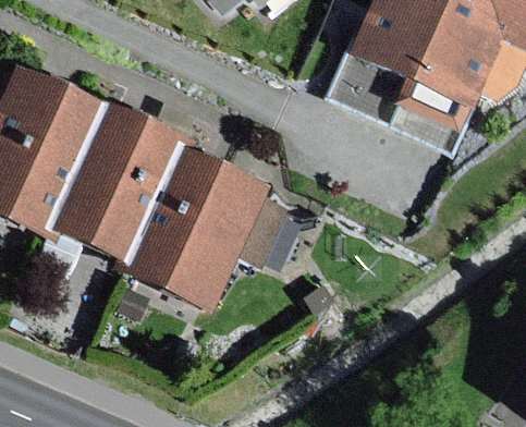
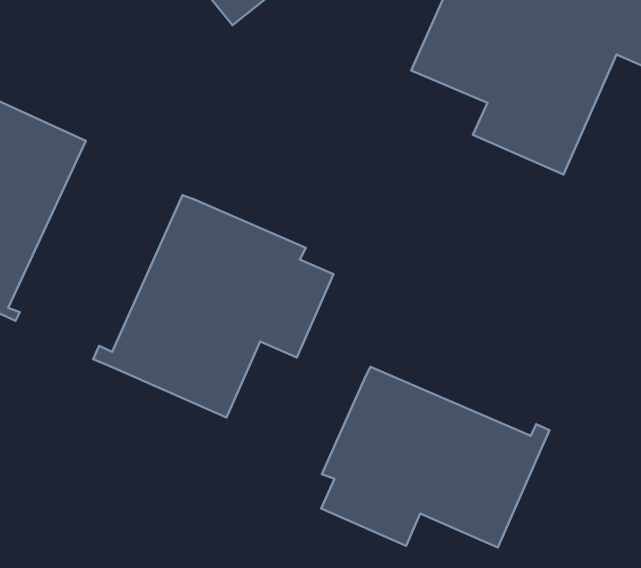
building: [51,102,194,263] -> none
building: none -> [321,367,549,548]

